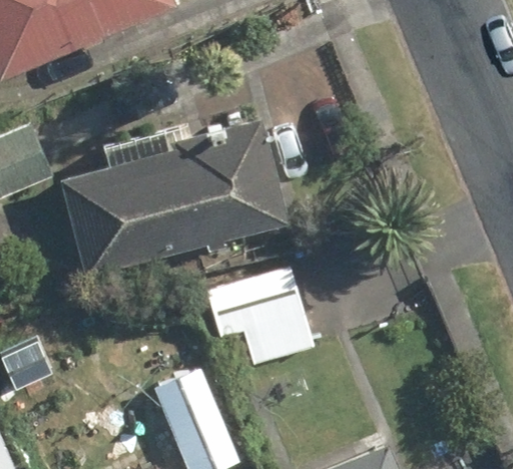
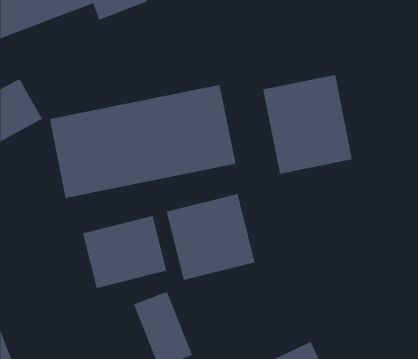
building: none -> [263,74,353,174]
building: none -> [83,215,167,289]

